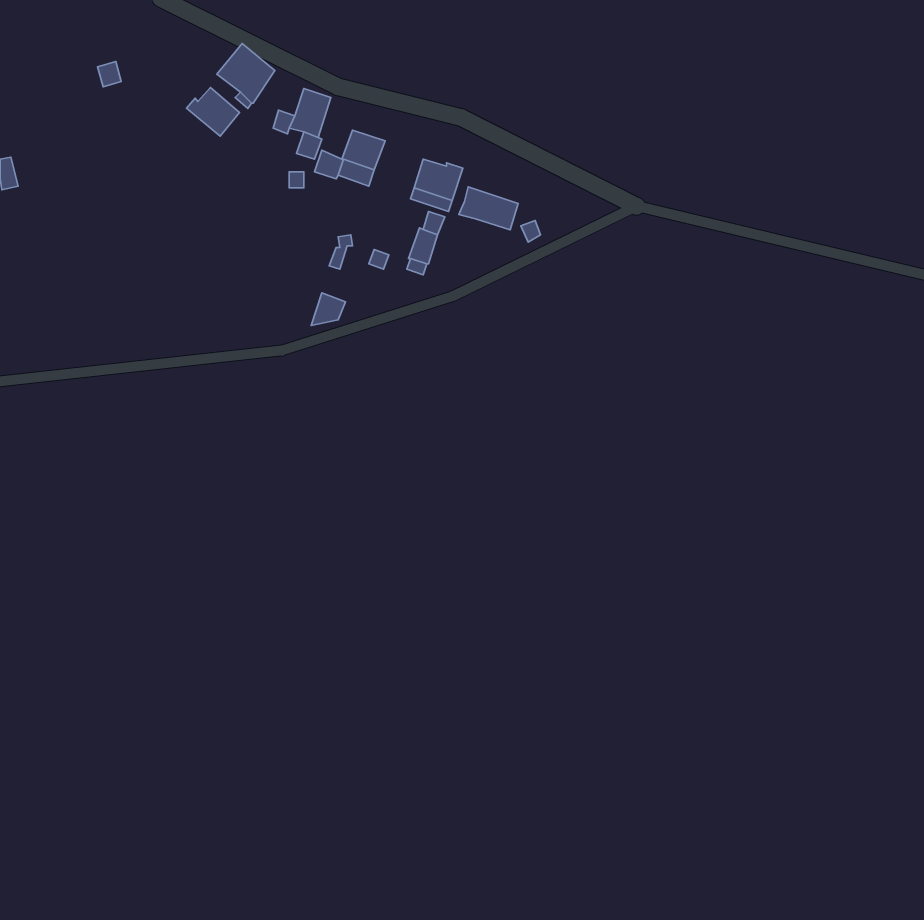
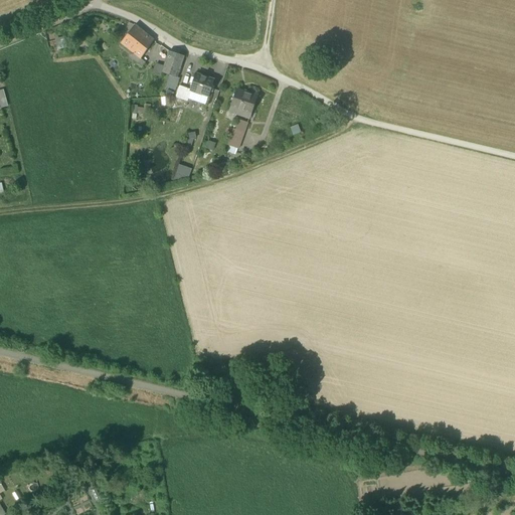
building: [187,88,240,136] -> none
building: [459,187,518,230] -> none

